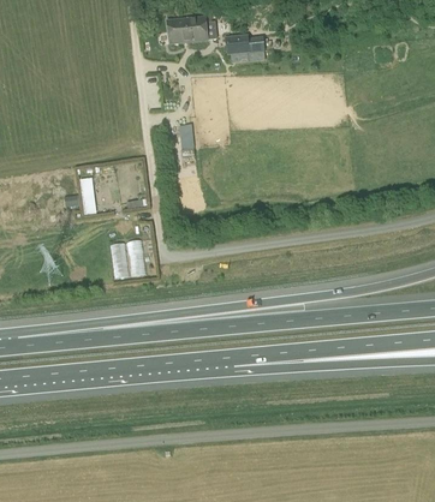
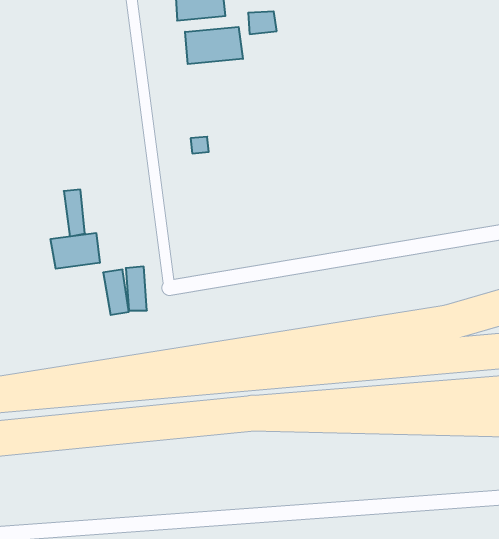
building: none -> [185,27,243,64]
building: none -> [51,233,100,269]

